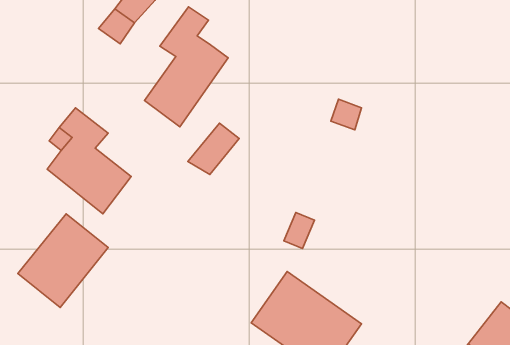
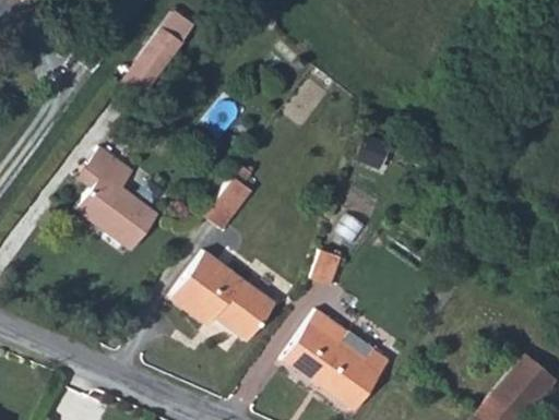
building: [144,7,228,127] -> none
building: [18,214,108,307] -> none
building: none -> [171,254,278,347]

